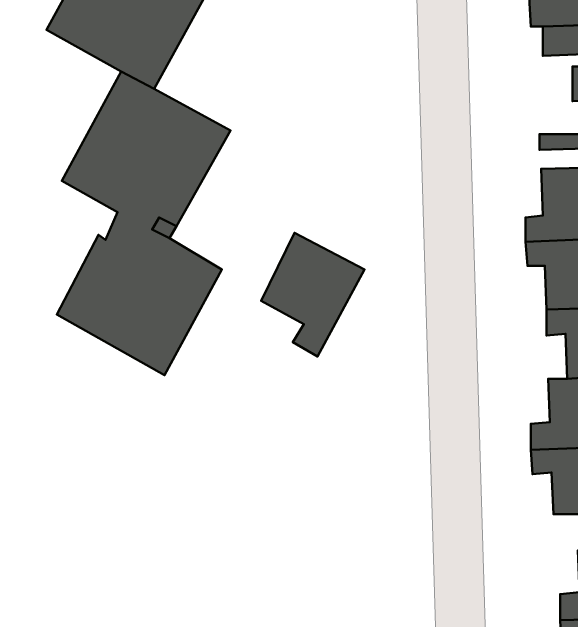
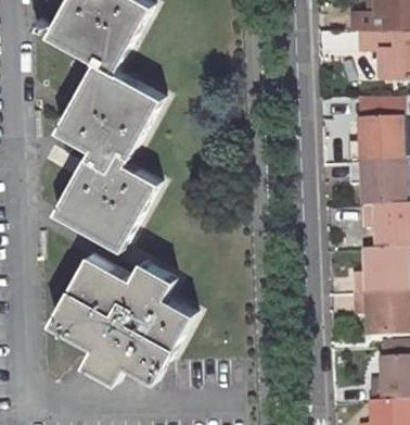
building: [261,233,364,356] -> none
building: none -> [52,253,194,379]

